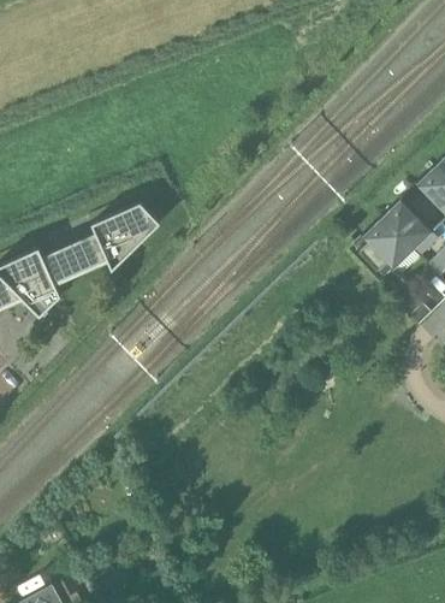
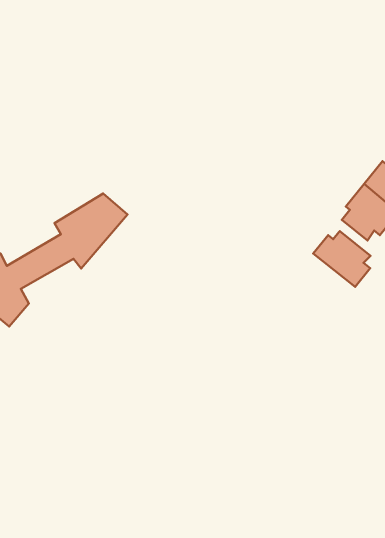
building: none -> [313,231,370,287]

